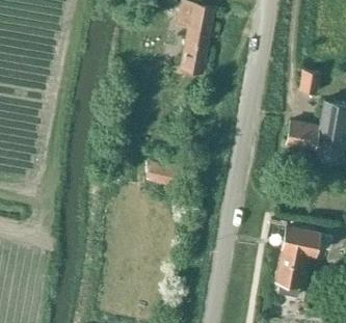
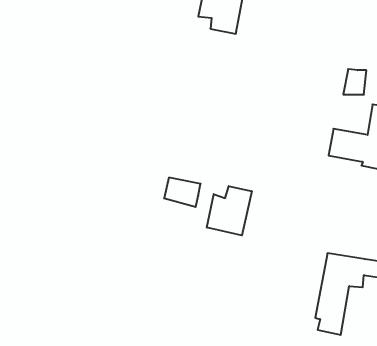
building: [180,35,208,72] -> none
building: none -> [207,186,252,235]

